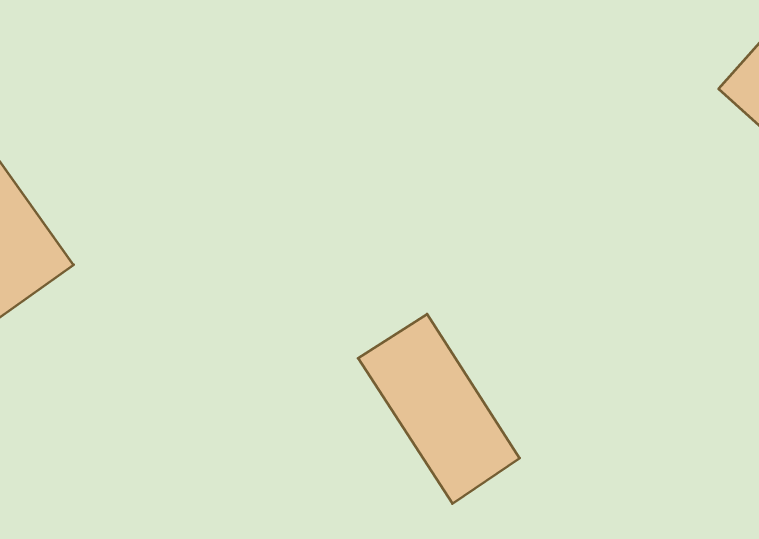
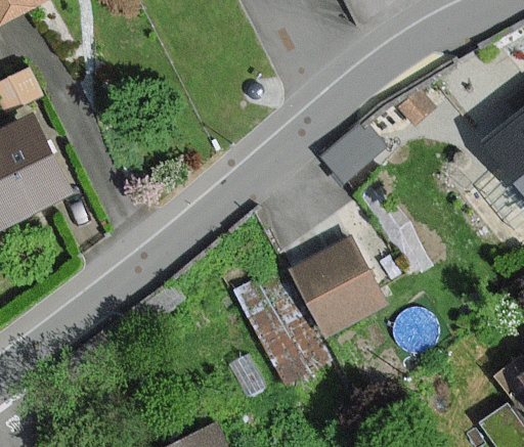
building: none -> [300,242,384,329]

